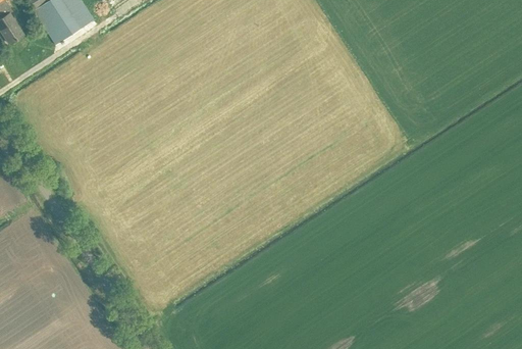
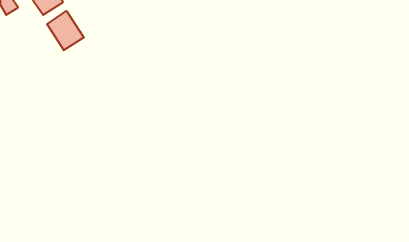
building: none -> [47,11,84,50]

